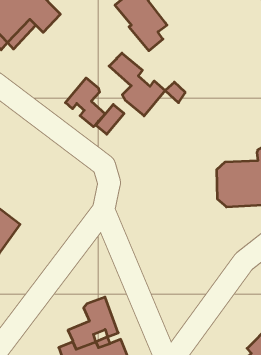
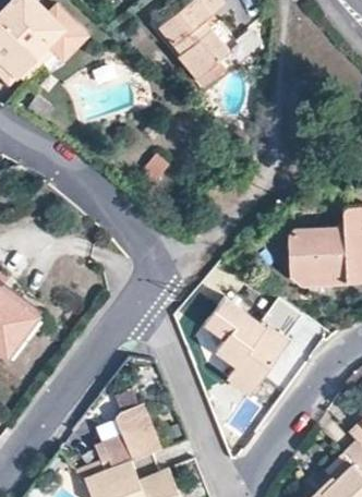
building: [109,53,165,116] -> none
building: [65,78,105,127] -> none
building: none -> [208,300,306,398]

